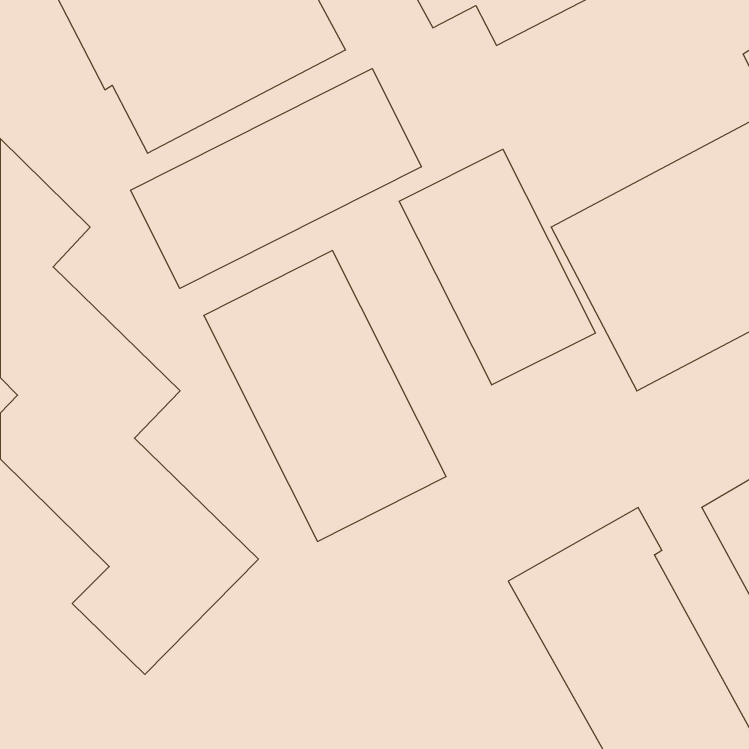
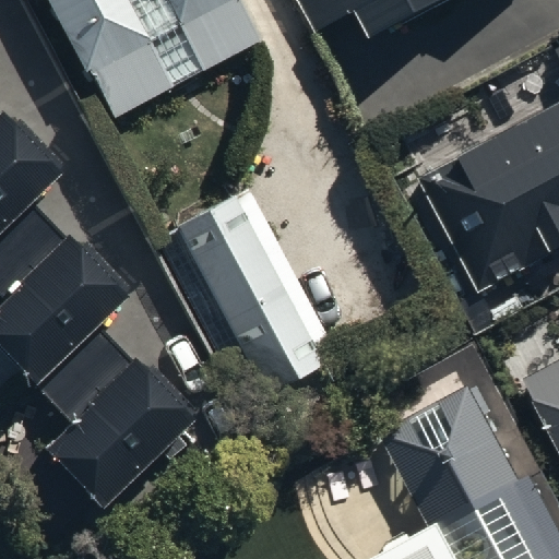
building: [131,69,421,288] -> none
building: [399,149,595,385] -> none

